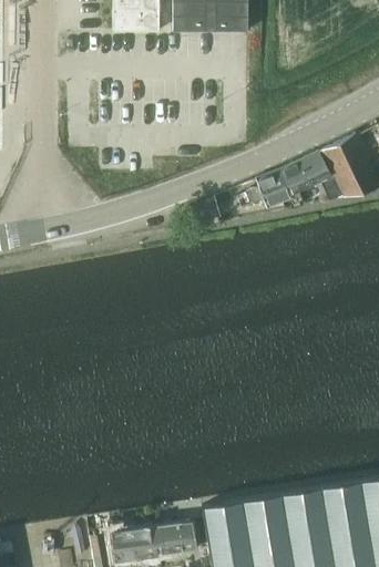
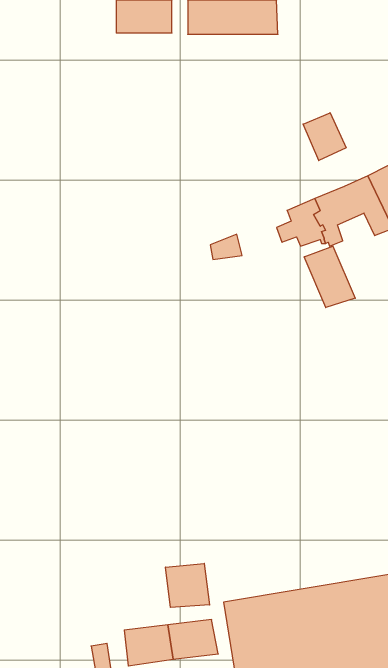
building: none -> [303,113,346,161]
building: none -> [304,246,355,308]
building: none -> [166,563,210,607]

